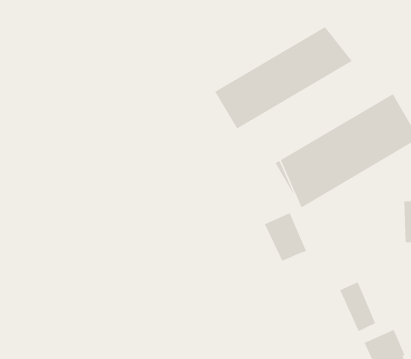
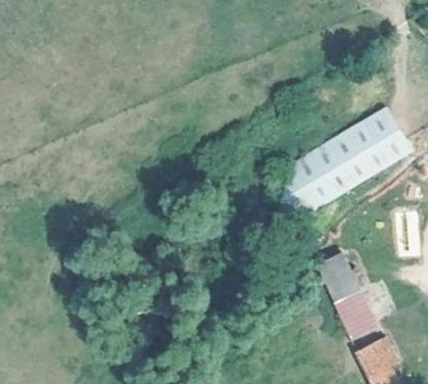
building: [214,26,353,129] -> none
building: [264,212,307,262] -> [317,249,359,297]

